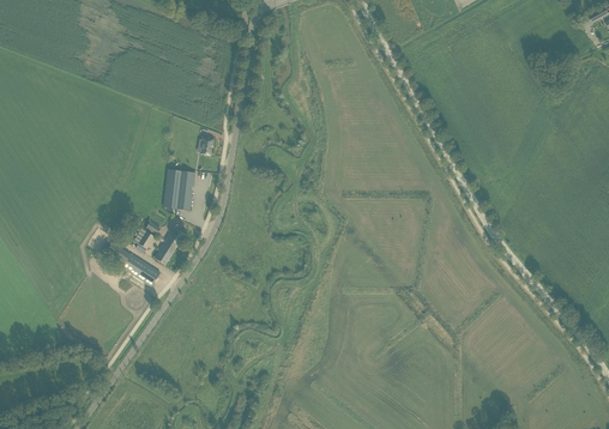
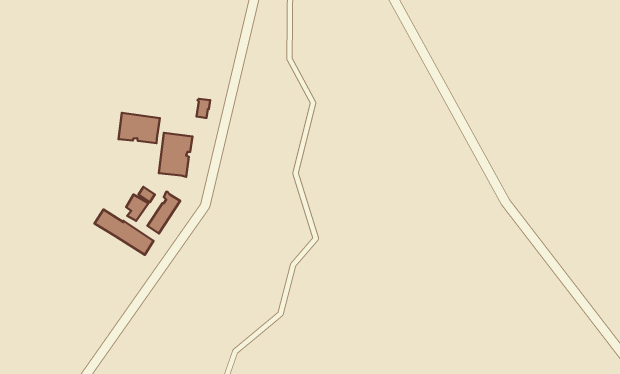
building: none -> [118,113,160,143]

